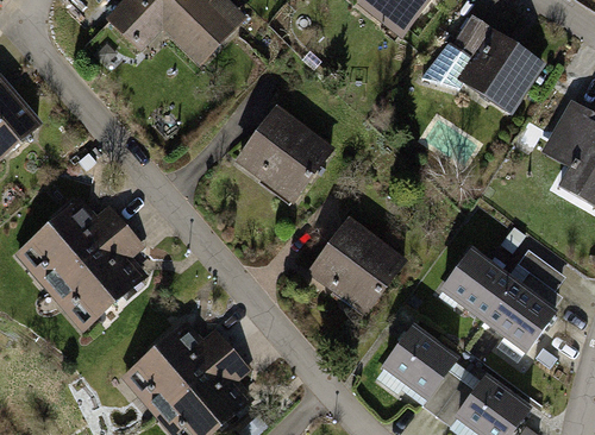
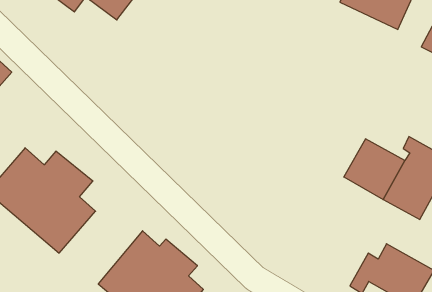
building: [236,106,333,203] -> none
building: [306,208,406,307] -> none
building: [376,323,455,414] -> none

